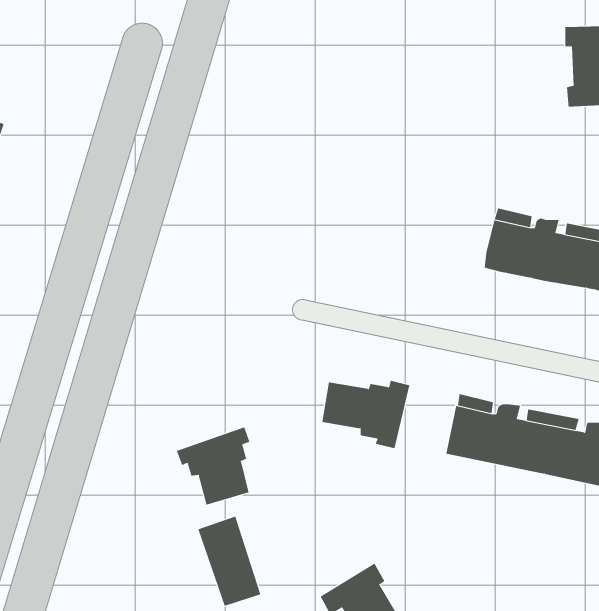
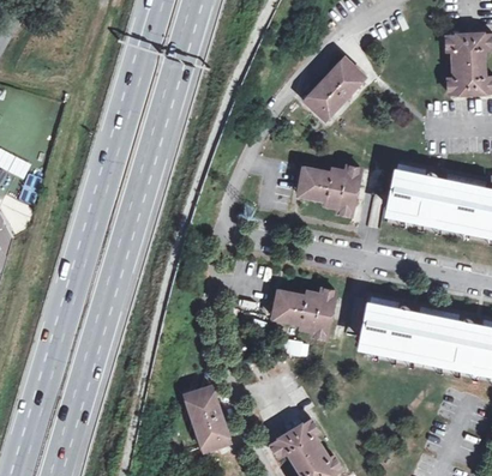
building: none -> [302,59,364,121]
building: none -> [295,168,359,216]
building: [176,427,250,506] -> none

